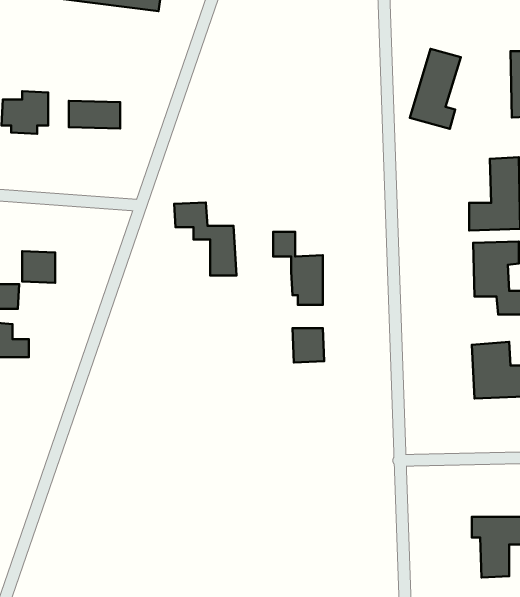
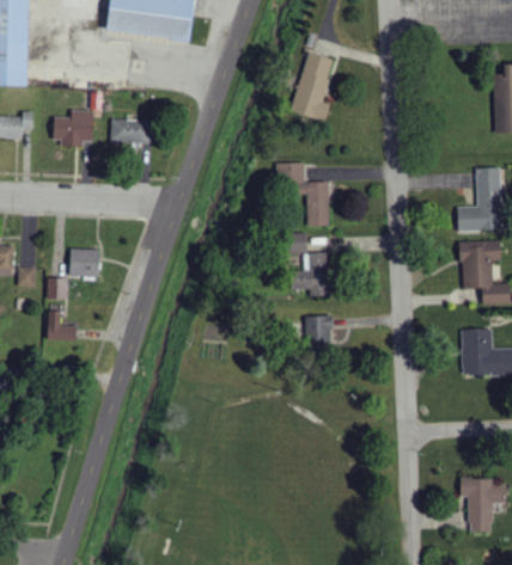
building: [410,49,461,129] -> [291,51,335,121]
building: [174,202,236,275] -> [276,161,330,225]

